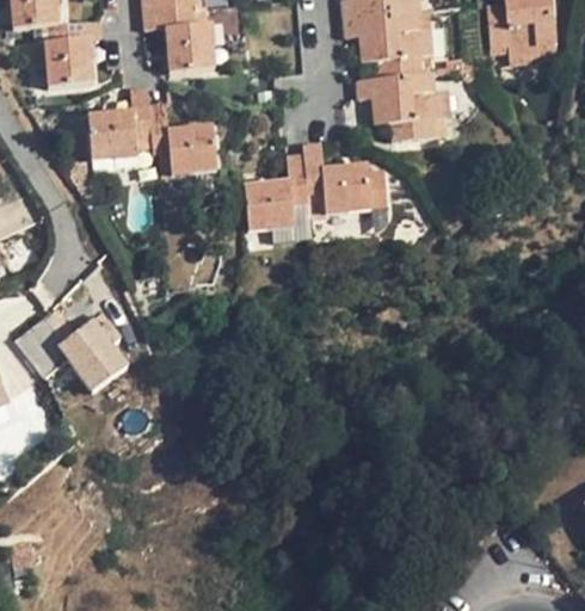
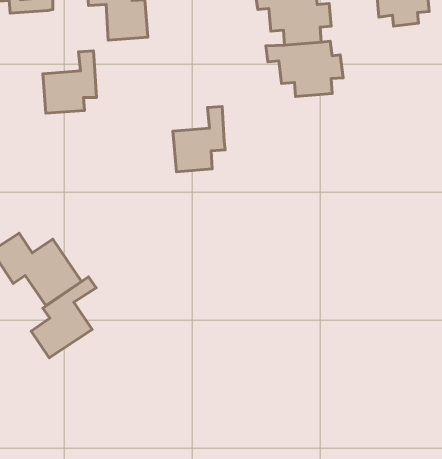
building: [44,37,97,86] -> none
building: [150,103,217,178] -> none
building: [303,141,371,216] -> none
building: none -> [31,277,96,358]

